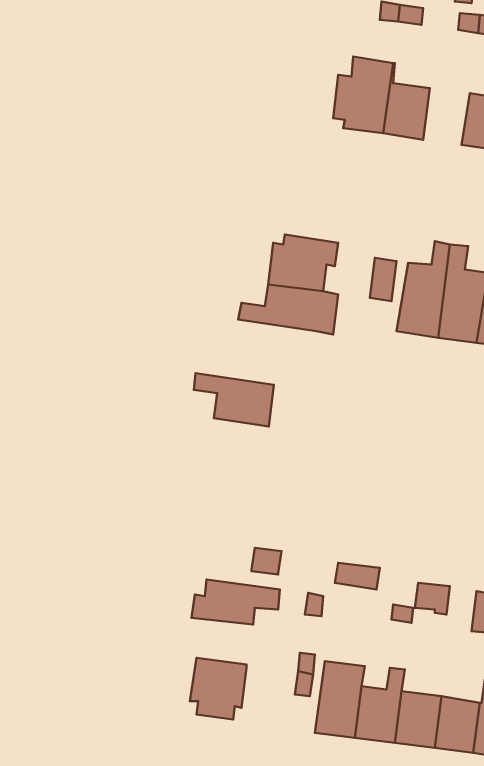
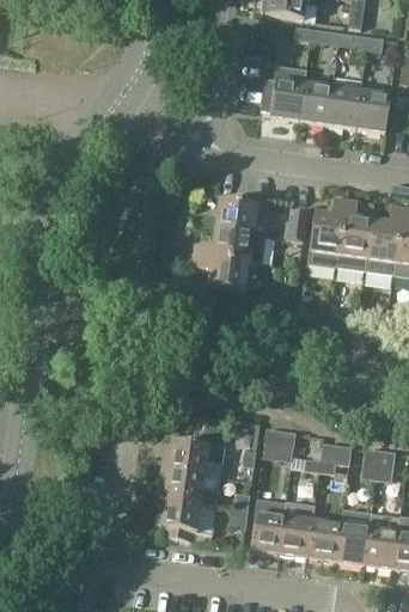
building: none -> [328,76,361,128]
building: [194,373,274,426] -> [194,253,251,292]
building: none -> [159,467,219,506]

